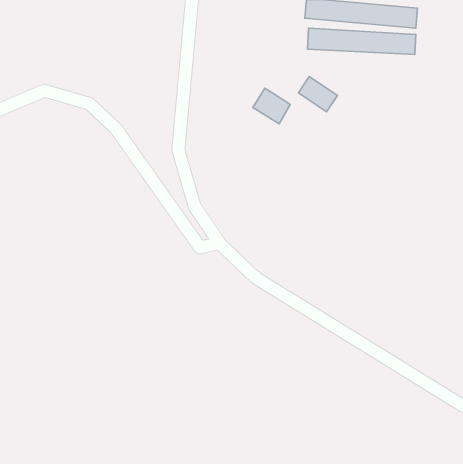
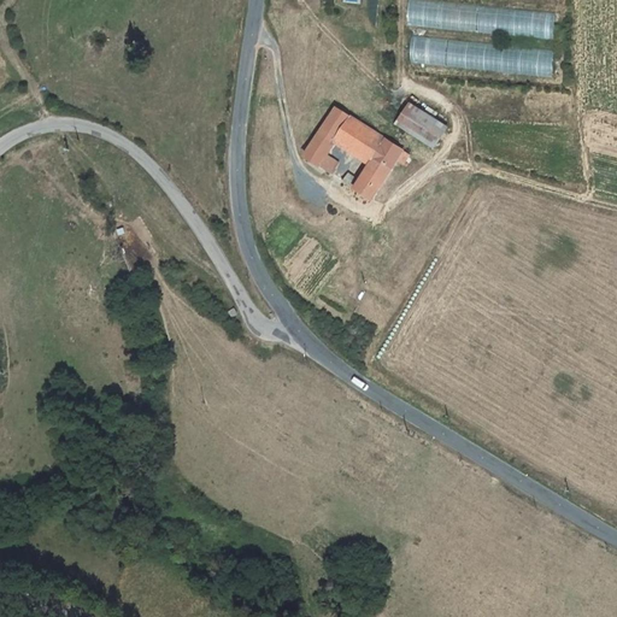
building: none -> [304,107,351,172]
building: none -> [343,139,406,199]

